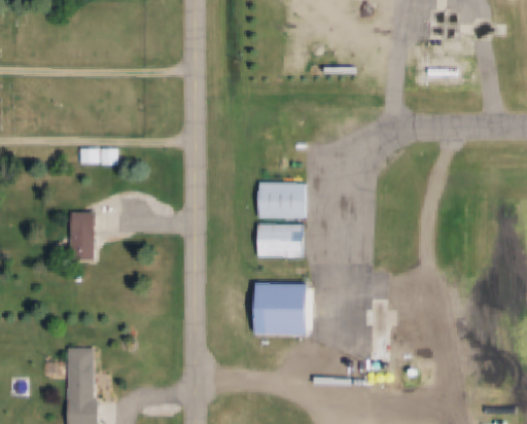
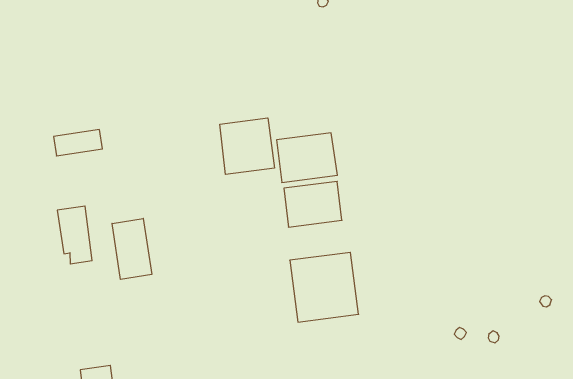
building: none -> [220,118,274,174]
building: none -> [112,218,152,279]

